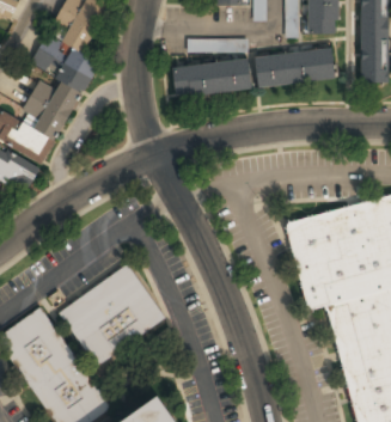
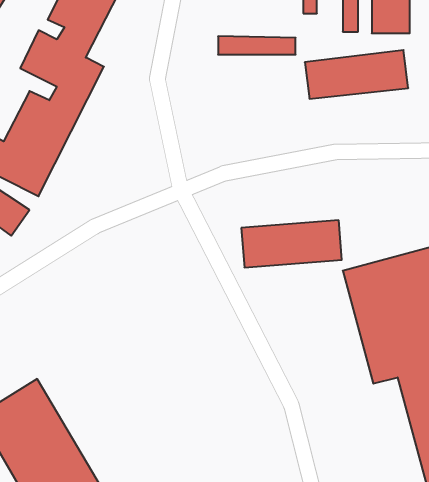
building: [172,60,251,97] -> [241,220,342,267]
building: [59,264,165,367] -> none

